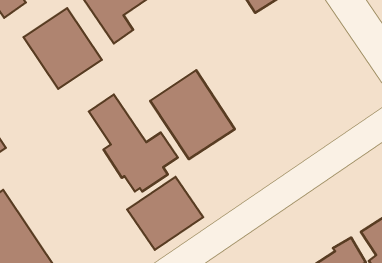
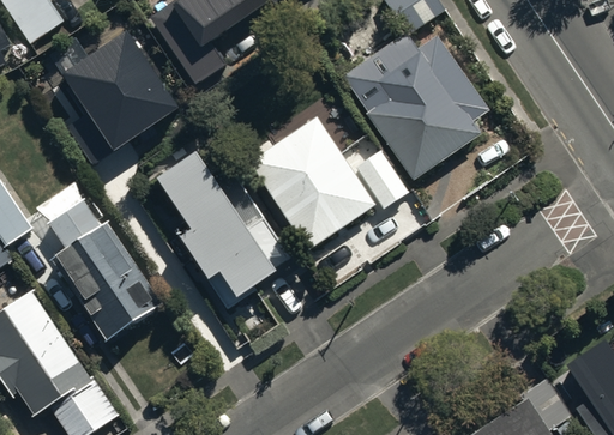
building: none -> [367,42,486,188]
building: none -> [40,186,163,348]
building: [127,177,203,250] -> none

